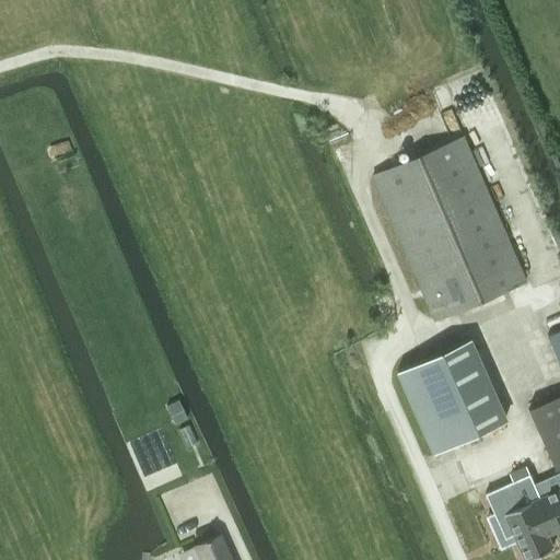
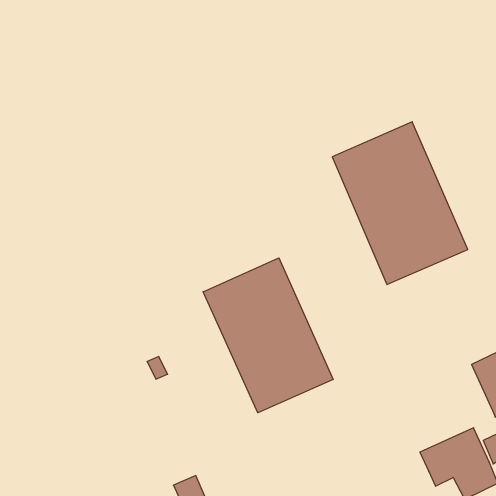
building: none -> [203,258,333,413]
building: [399,341,506,454] -> none

